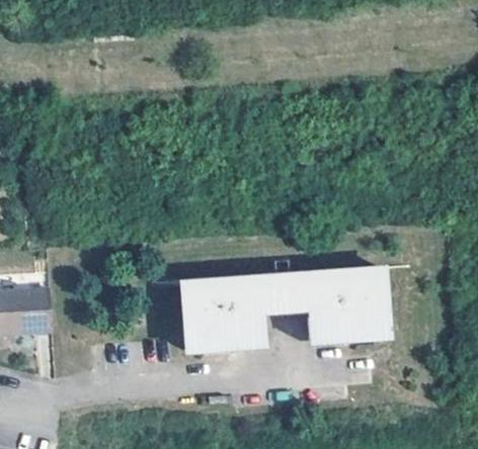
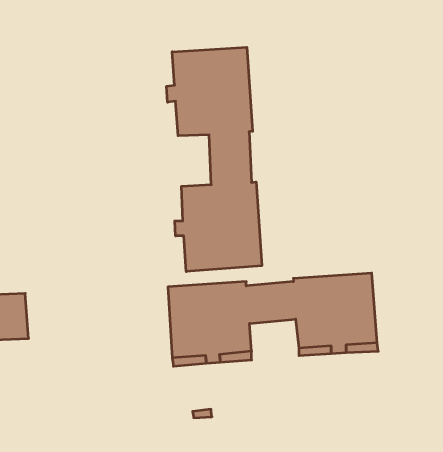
building: none -> [167,47,262,272]

